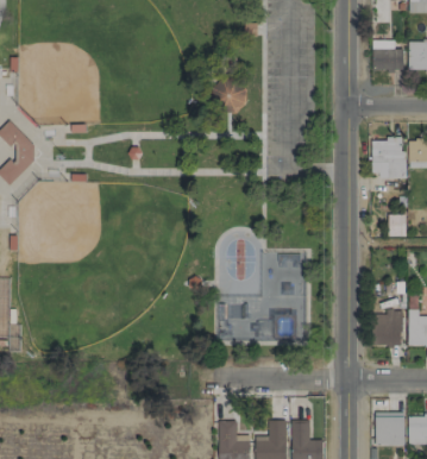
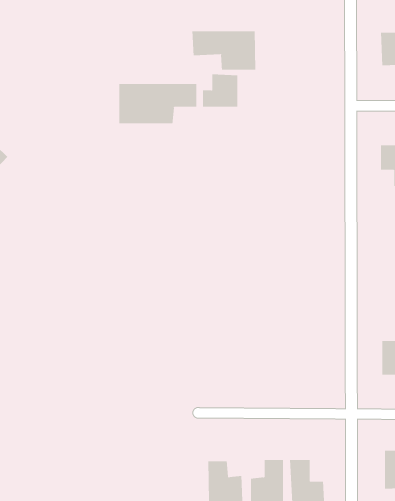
building: none -> [192,31,256,71]
building: none -> [119,83,197,124]

